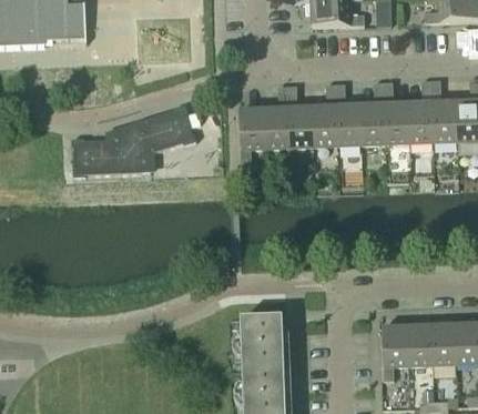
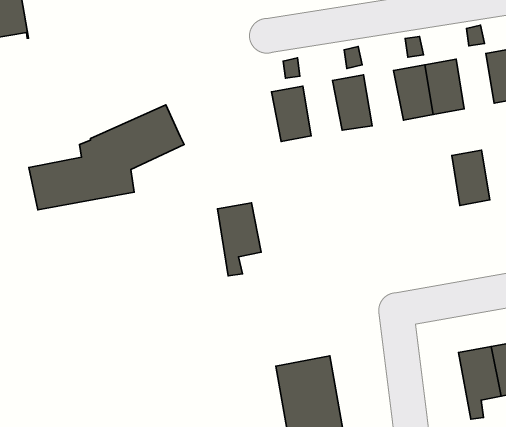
building: [410,102,435,142] -> [452,150,490,205]
building: [338,105,364,145] -> none
building: [291,107,316,147] -> none
building: [240,109,268,162] -> [217,203,261,276]

